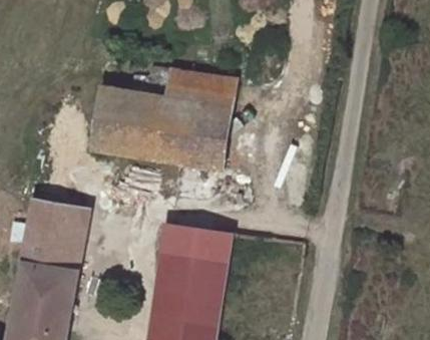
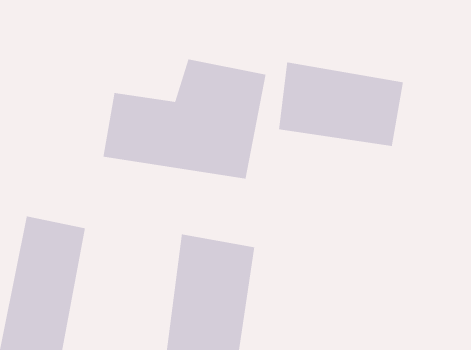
building: none -> [278,62,404,147]

